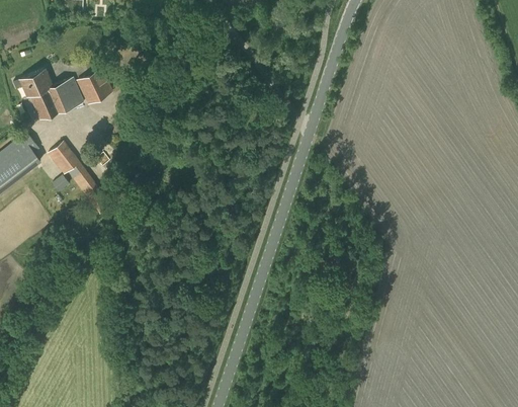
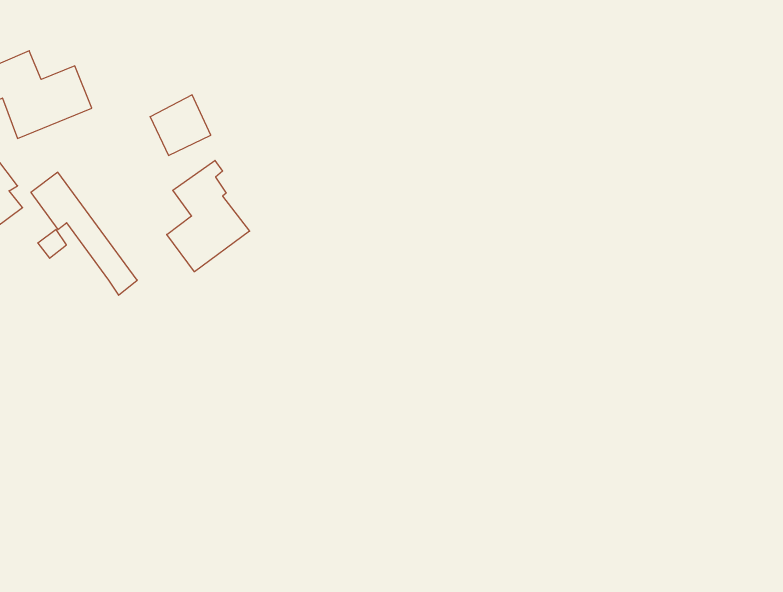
building: [76,68,112,104] -> [150,95,211,155]
building: none -> [167,160,250,272]

